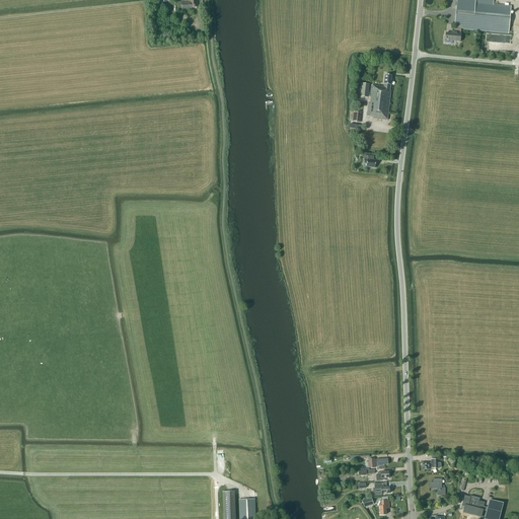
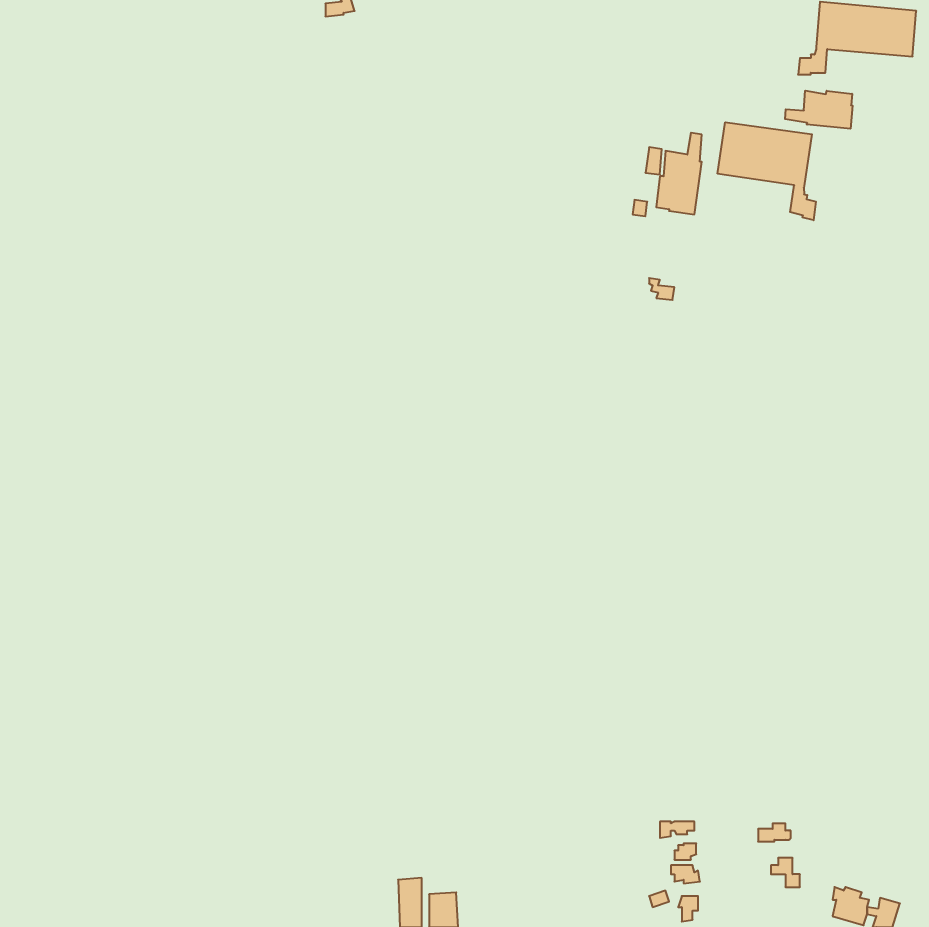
building: none -> [785,91,853,129]
building: none -> [718,122,816,220]

